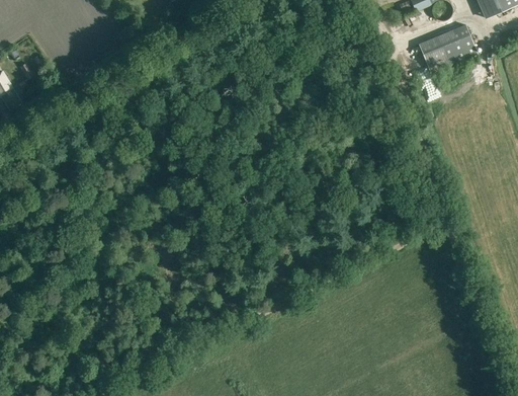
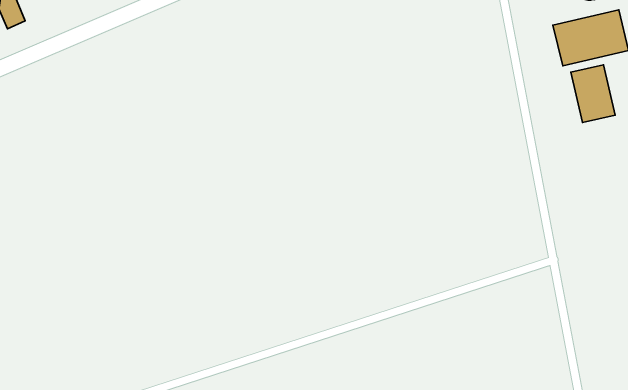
building: none -> [571,65,615,123]

